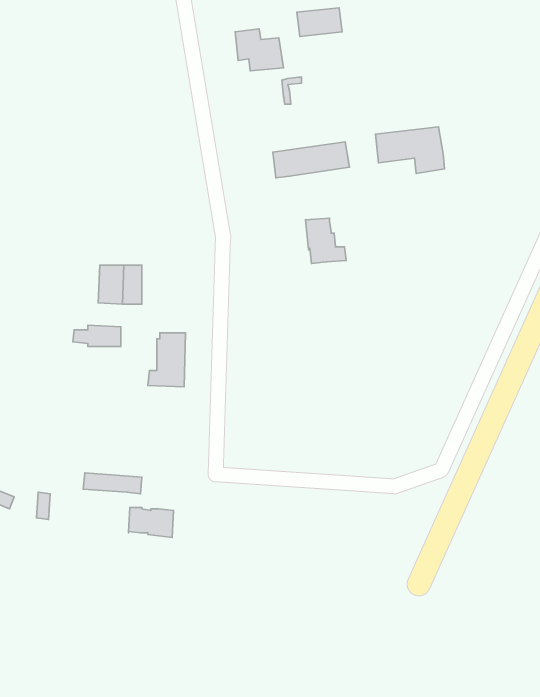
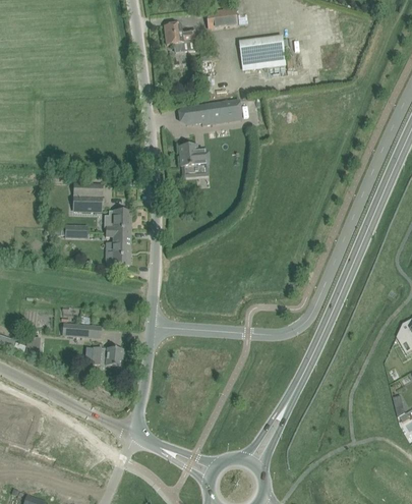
building: [375,127,445,173] -> [239,36,286,67]
building: [305,218,346,263] -> [180,145,208,175]
building: none -> [105,210,131,232]

